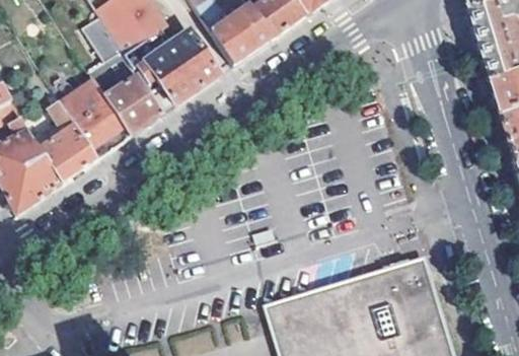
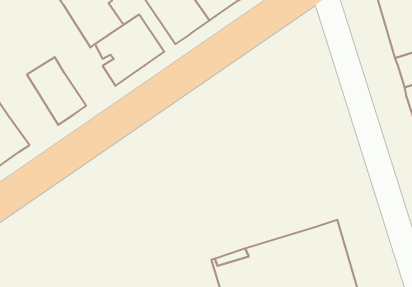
building: [103,34,163,135] -> none
building: [39,98,96,181] -> none

